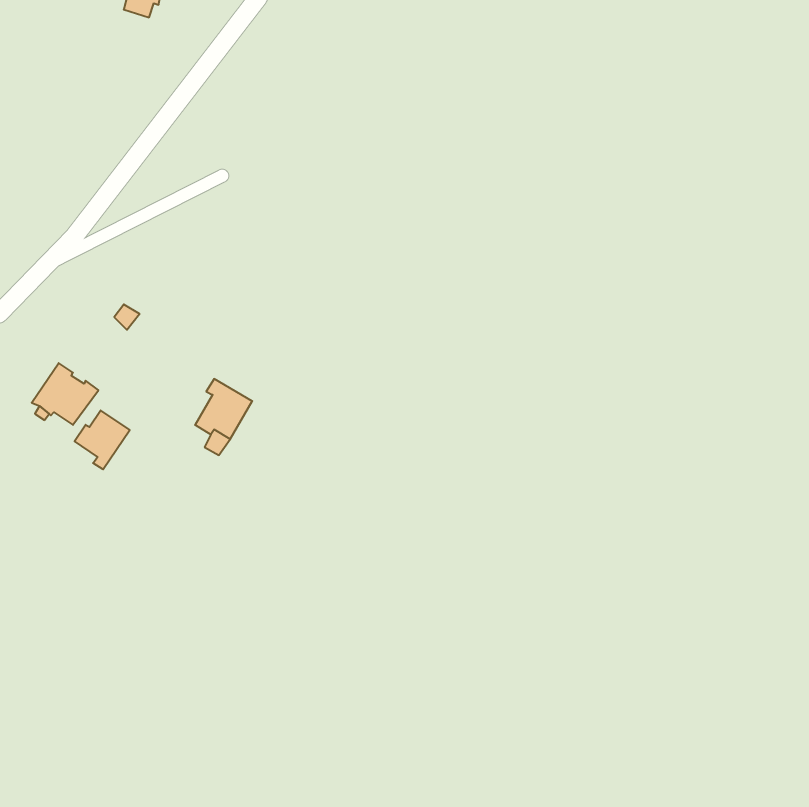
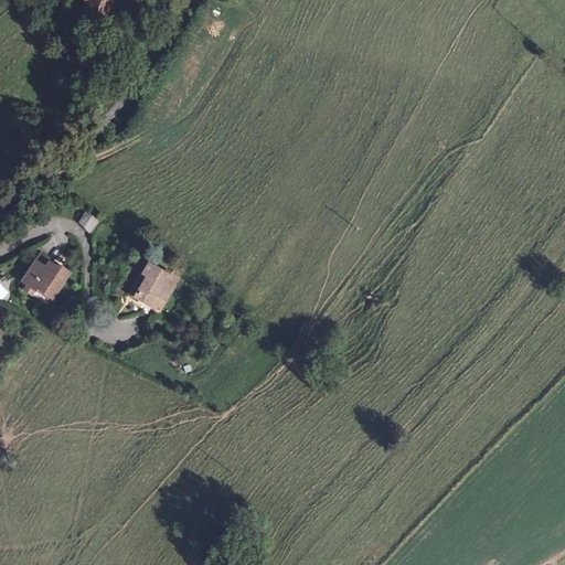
building: [75,410,130,469] -> none

